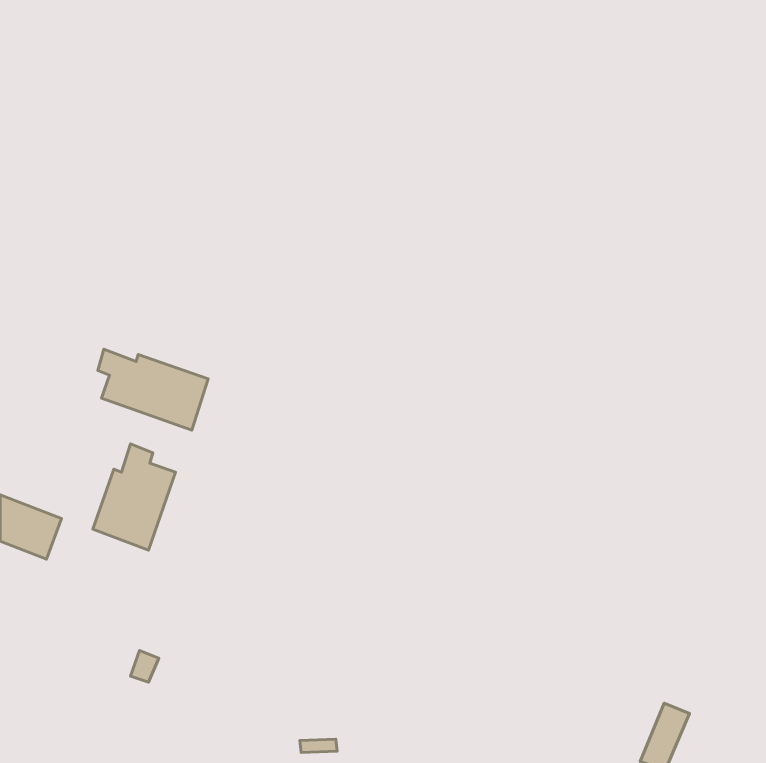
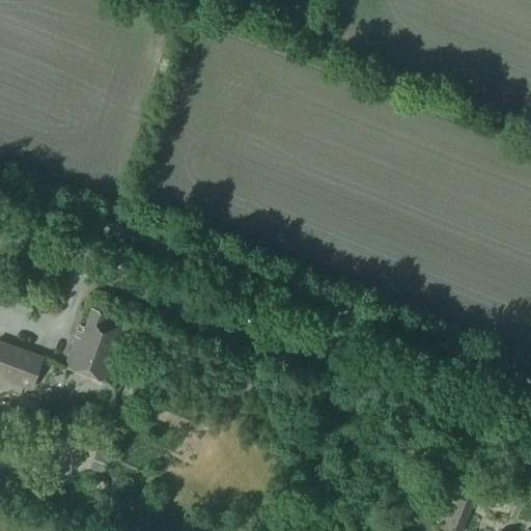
building: [98,349,208,430] -> none

